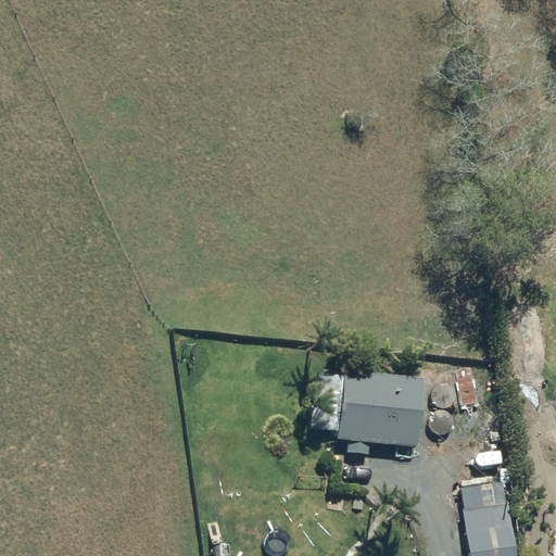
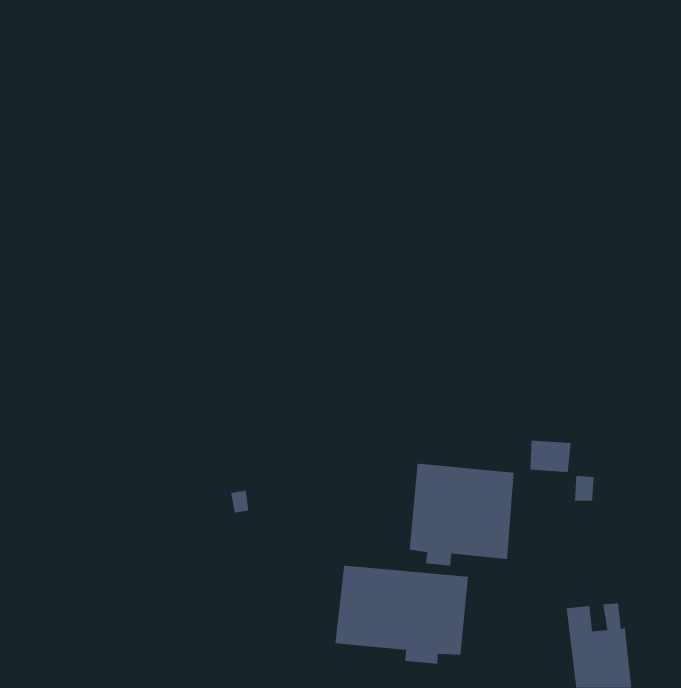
building: none -> [335,565,468,664]

